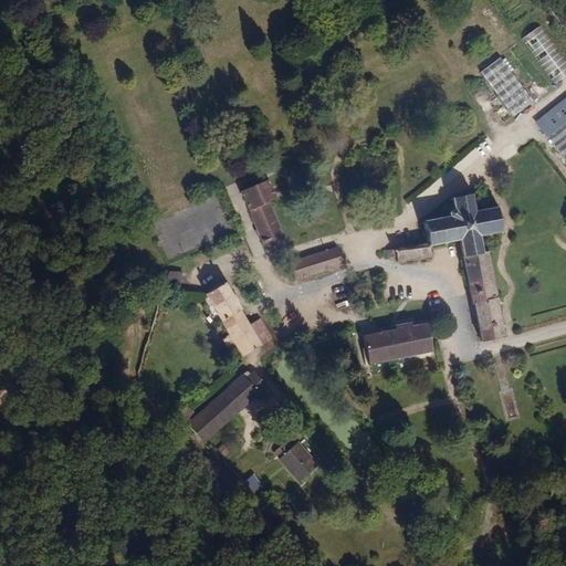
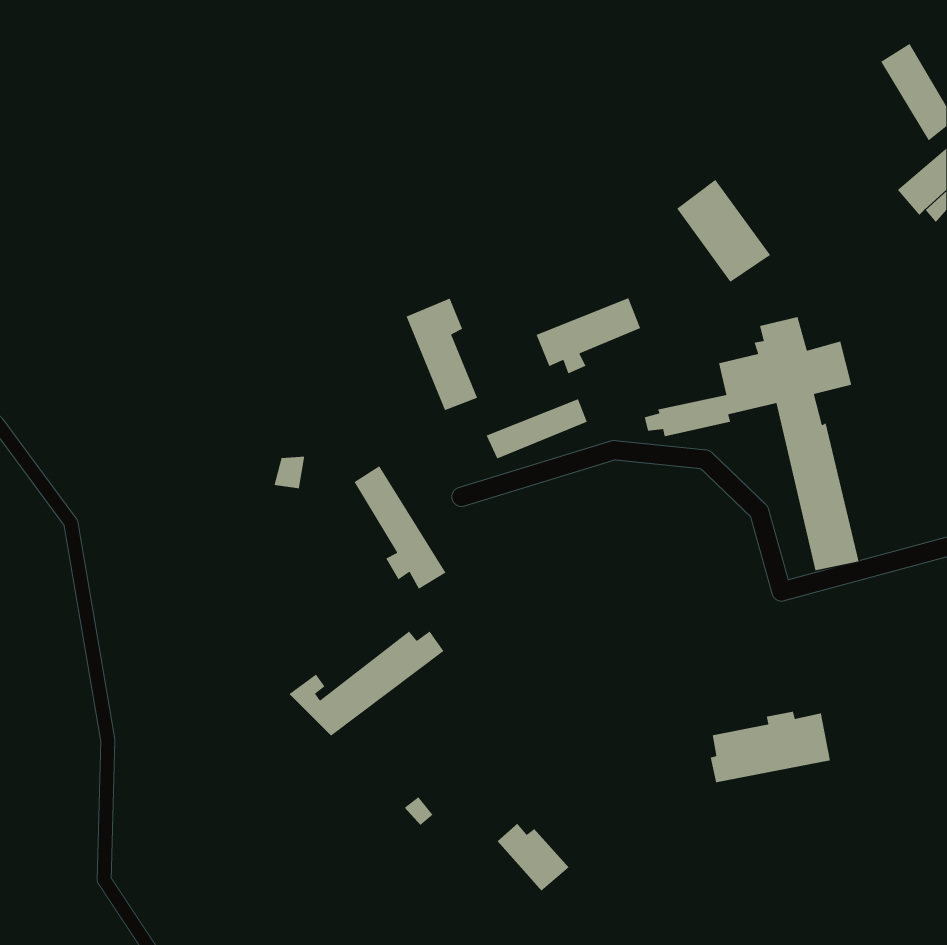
building: [479,59,535,120] -> [676,179,771,283]
building: none -> [535,297,641,374]
building: [364,322,436,365] -> [710,711,831,783]
building: [275,439,318,480] -> [497,823,570,892]

